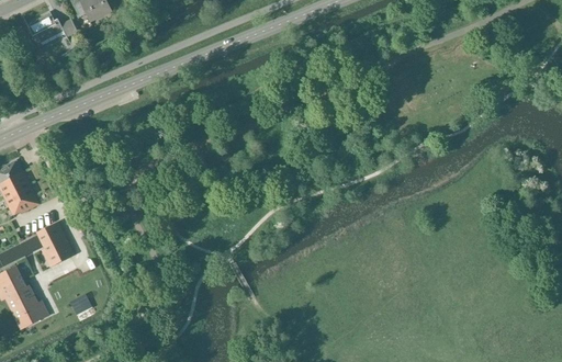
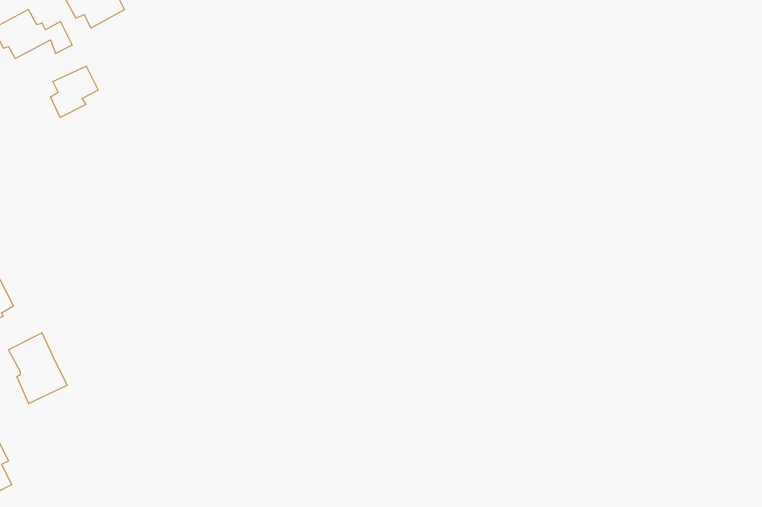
building: none -> [51,66,98,117]

